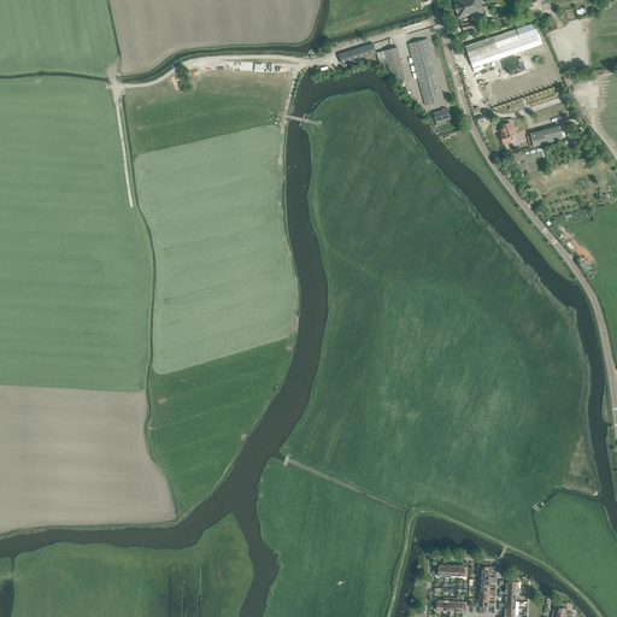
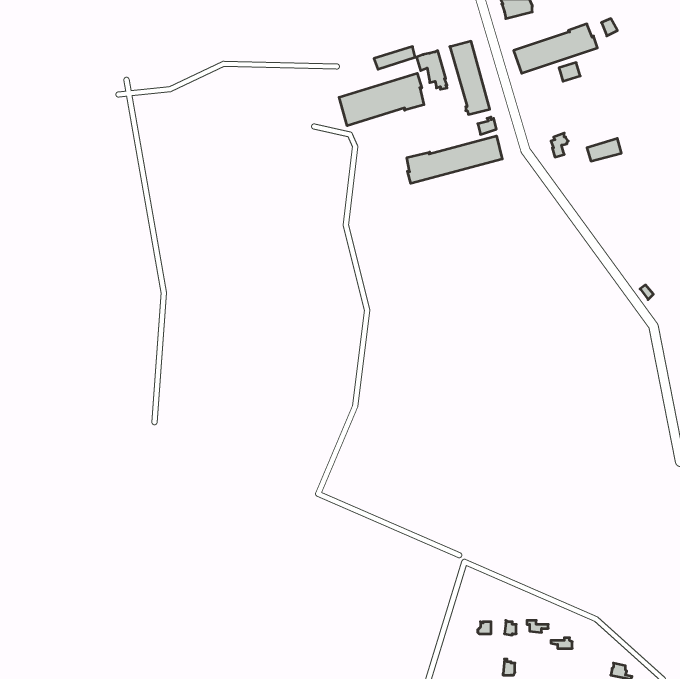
building: none -> [339,73,424,126]
building: none -> [407,136,502,183]

